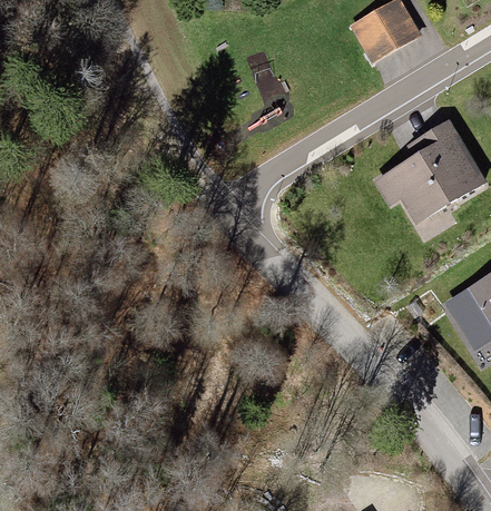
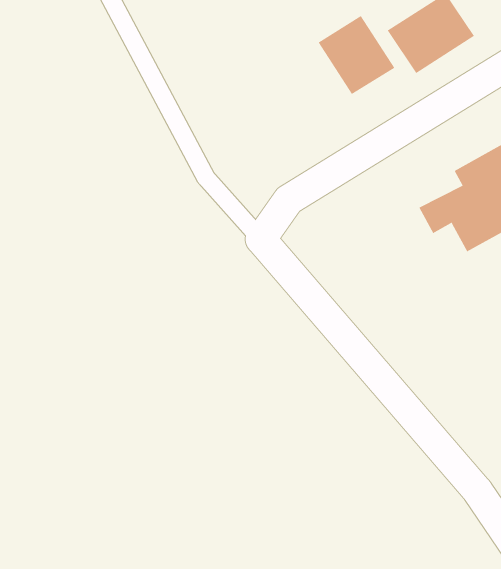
building: none -> [318,15,395,95]

